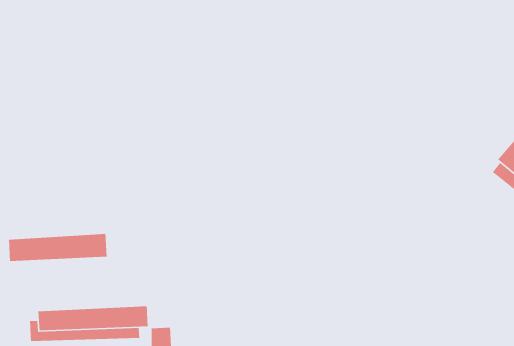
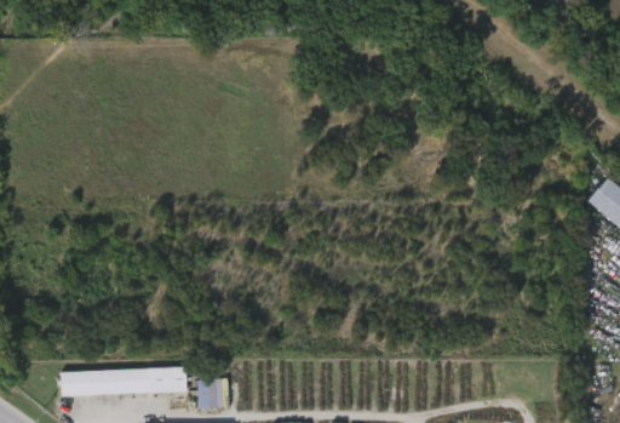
building: [8,233,107,262] -> none

